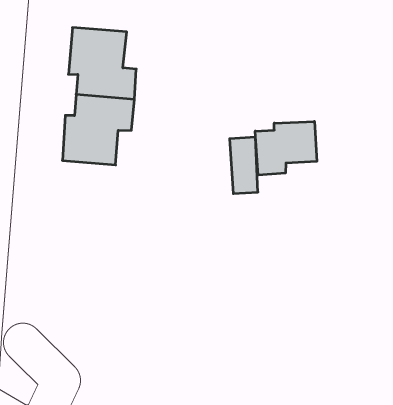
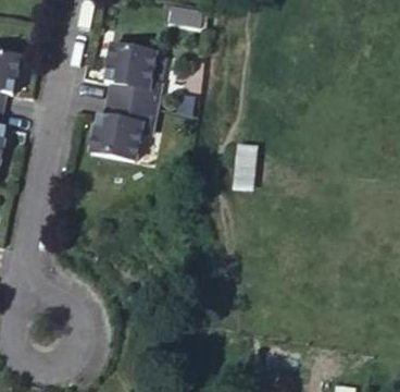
building: [255,121,317,175] -> none

